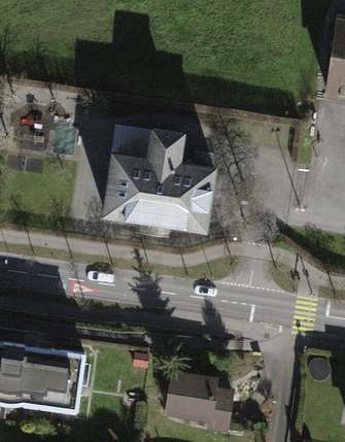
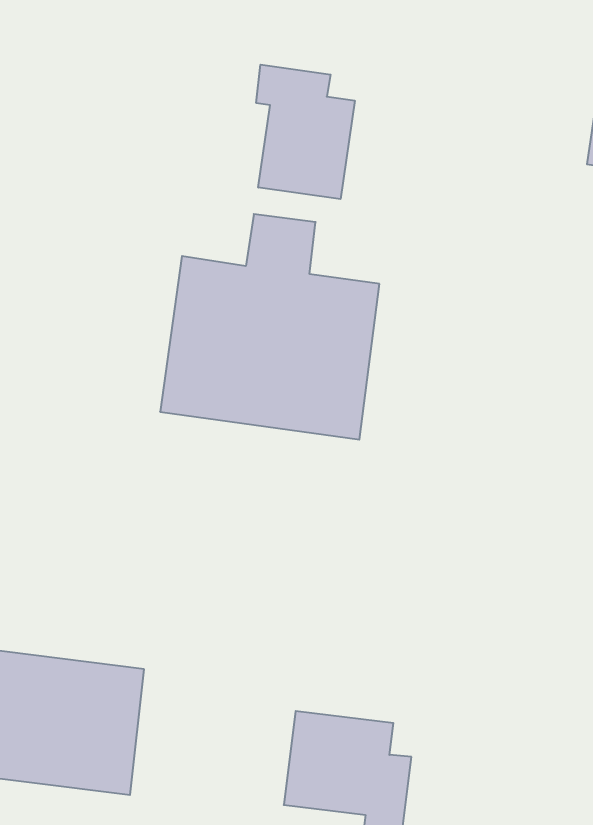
building: none -> [256,65,355,199]

